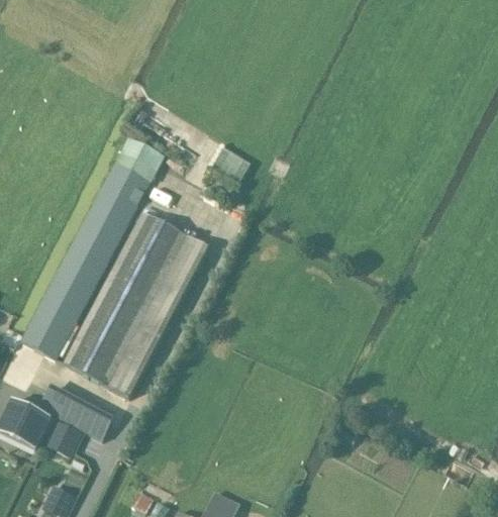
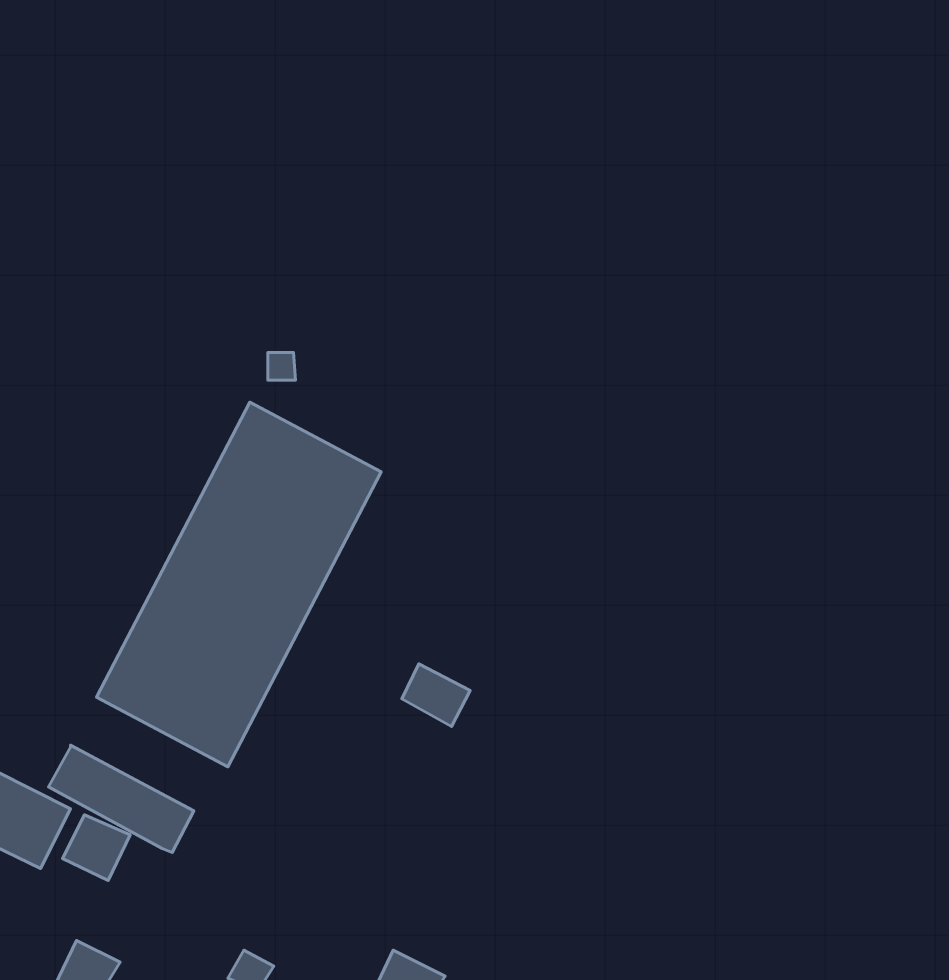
building: [21,137,164,358] -> none
building: [211,148,251,185] -> none
building: none -> [402,664,470,727]

